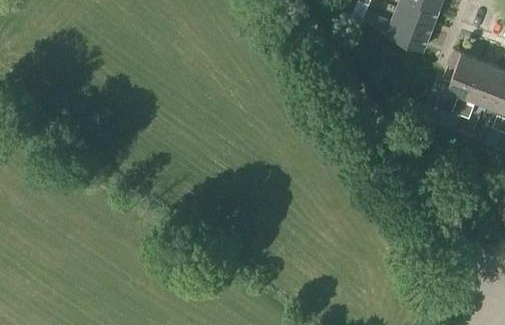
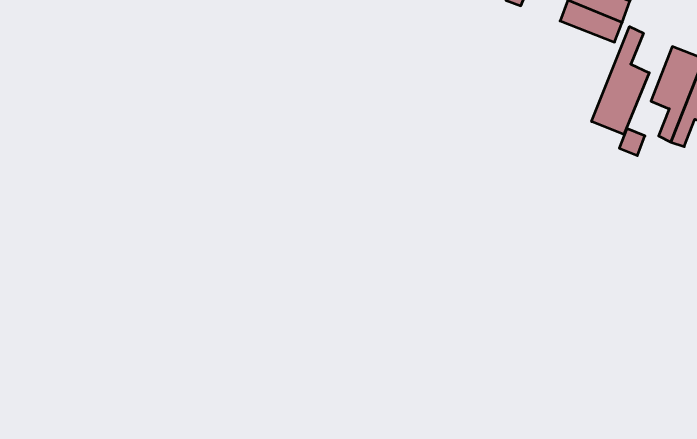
building: none -> [592,27,649,134]

